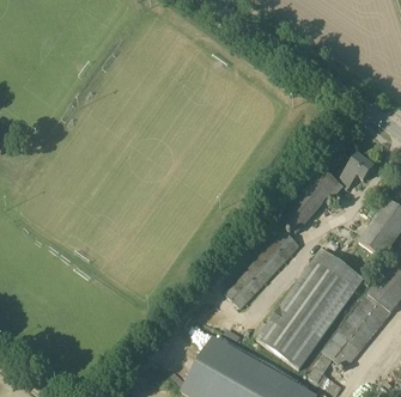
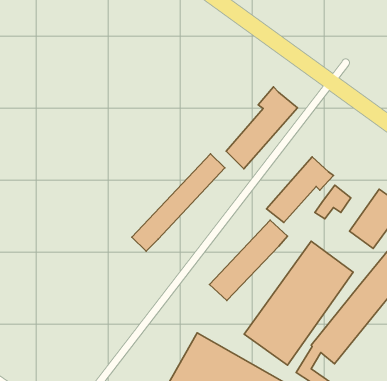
building: none -> [226,87,297,169]
building: [339,153,373,185] -> [315,185,351,219]
building: none -> [132,154,225,251]

